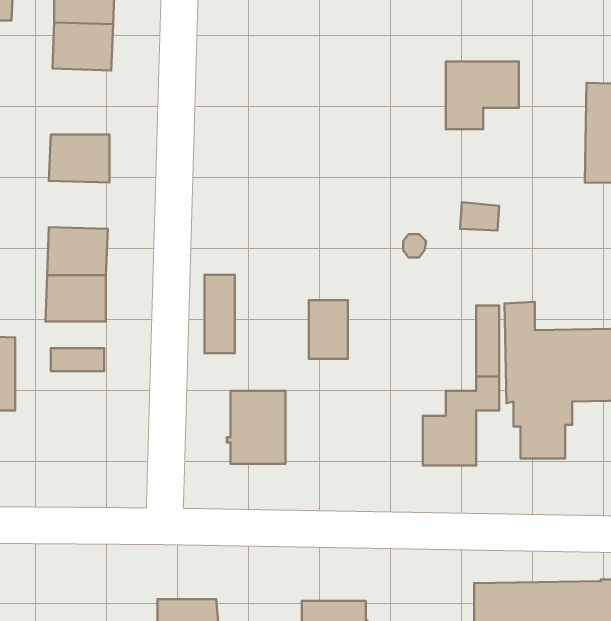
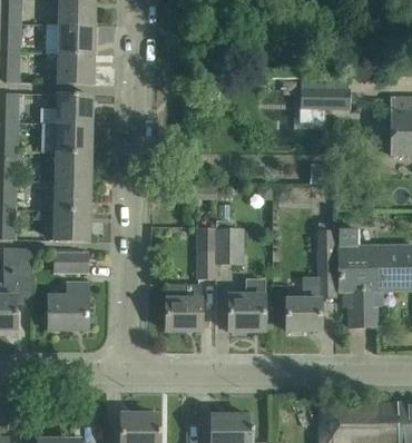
building: none -> [55,93,92,124]
building: none -> [53,152,91,183]
building: [205,275,235,353] -> [197,227,216,276]
building: none -> [229,280,264,331]
building: none -> [49,282,88,329]

